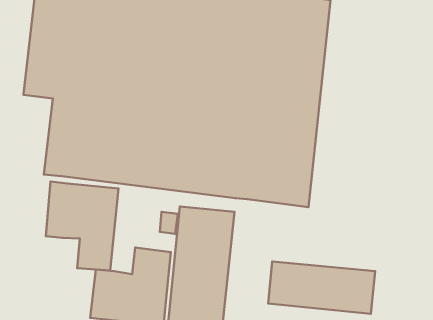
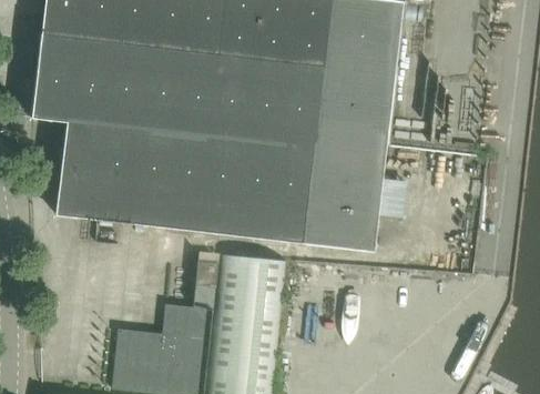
building: [46,182,119,270] -> none
building: [268,262,375,314] -> none

